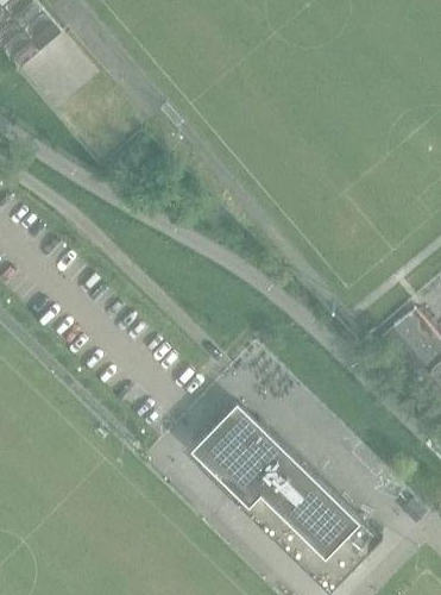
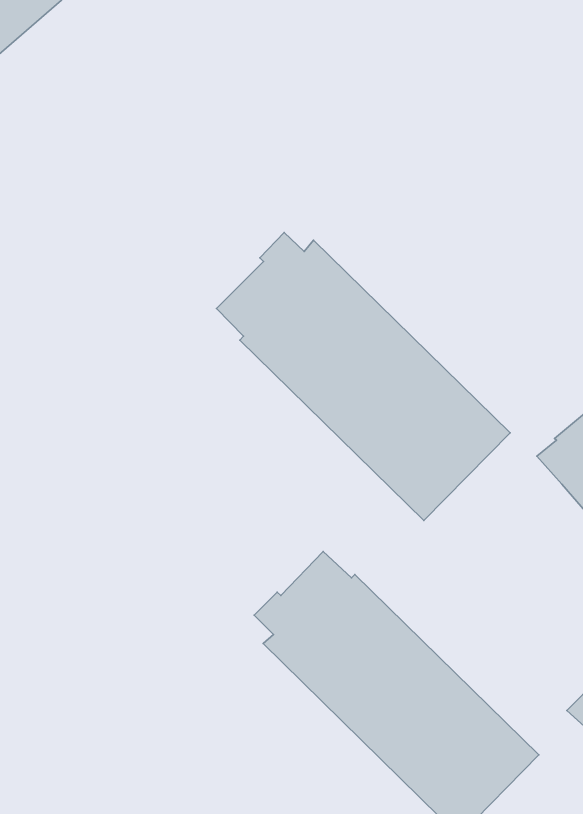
building: none -> [216,233,510,521]

